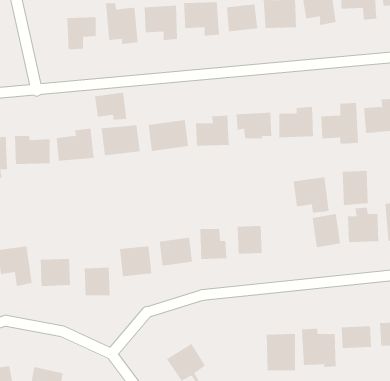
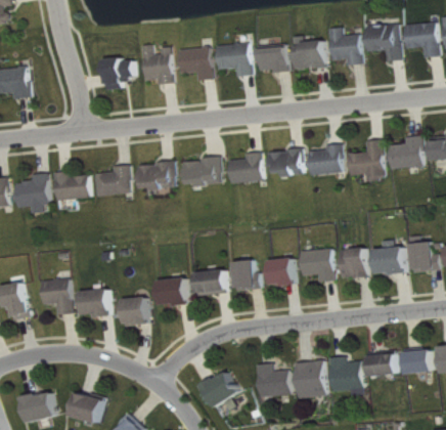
building: [95,92,127,121] -> none
building: [342,170,368,206] -> none
building: [293,177,329,213] -> [298,248,332,283]
building: none -> [256,364,288,396]

